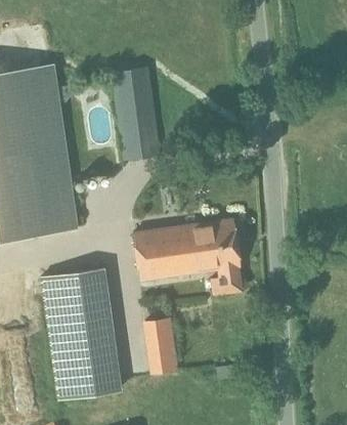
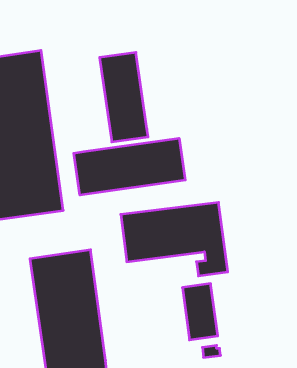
building: none -> [74,138,185,195]
building: [143,318,179,376] -> [182,284,218,340]

